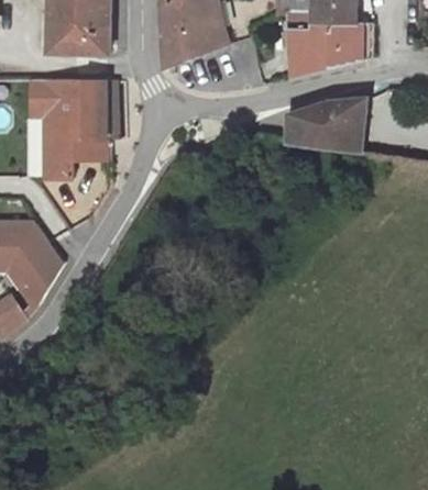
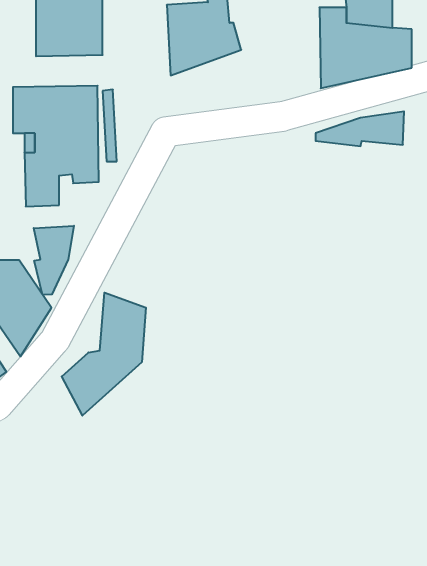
building: [287,122,364,152] -> none
building: none -> [34,226,74,295]
building: none -> [62,293,146,416]

